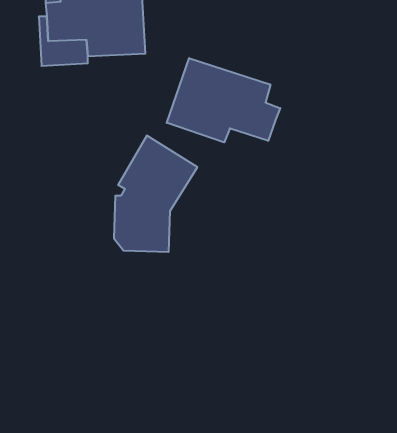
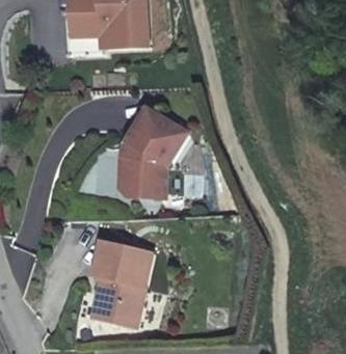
building: [167,58,280,142] -> none
building: none -> [92,239,151,325]

